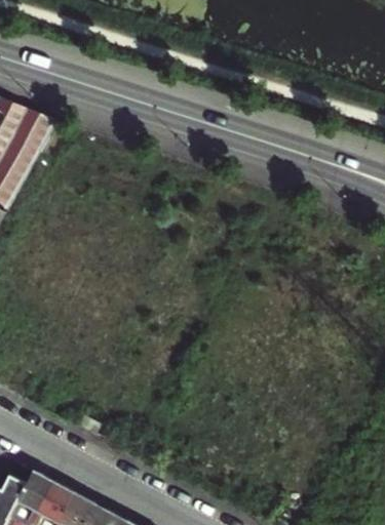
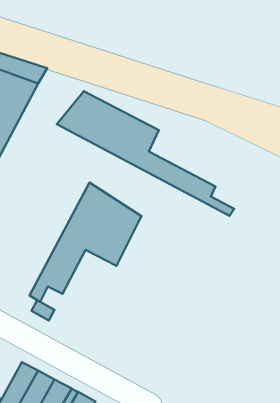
building: none -> [57,91,234,216]
building: none -> [29,182,142,302]

